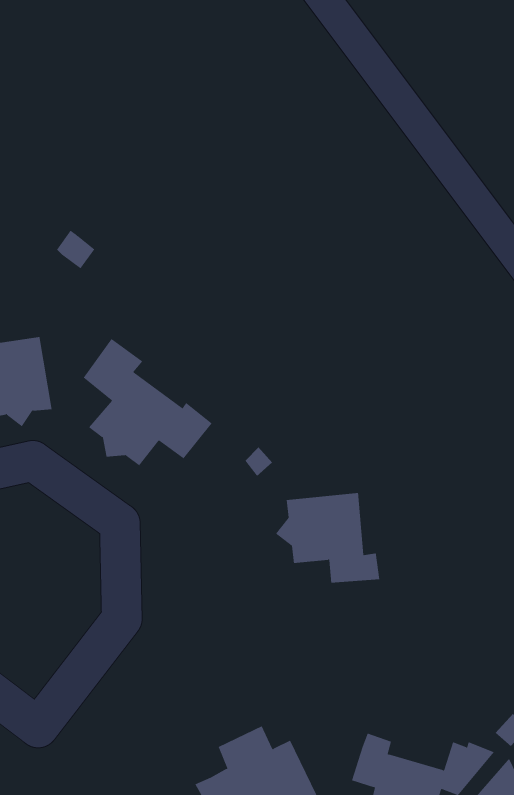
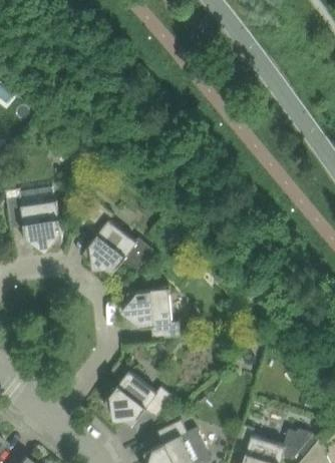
building: [275,493,380,583] -> [121,287,181,338]
building: none -> [103,370,173,424]

